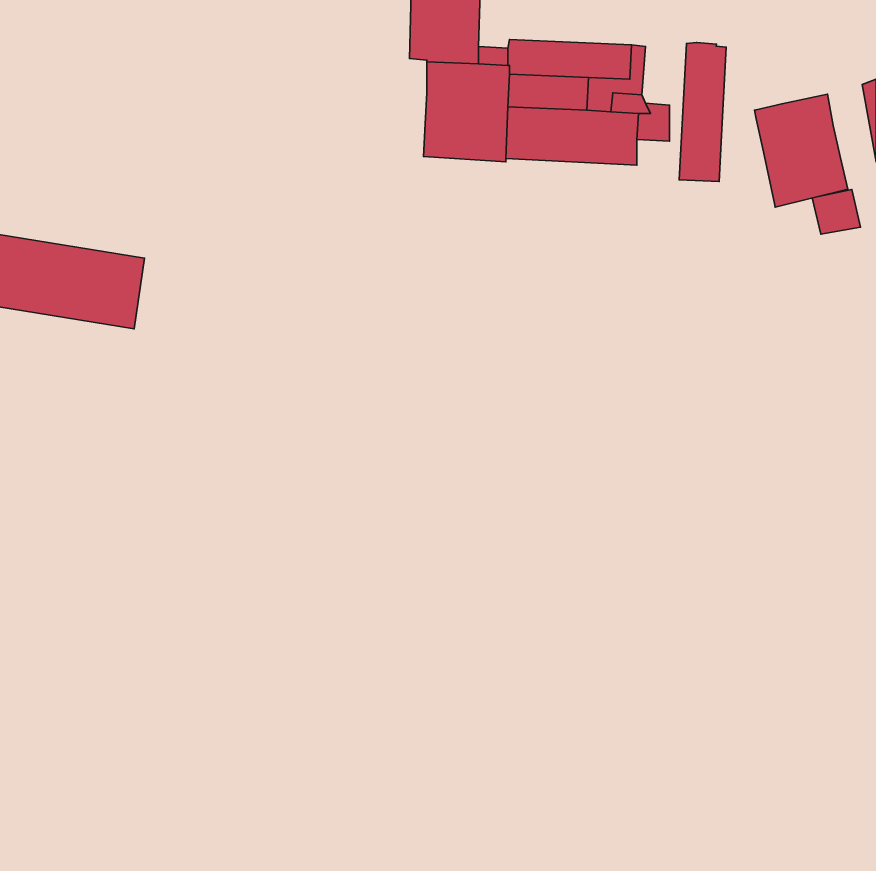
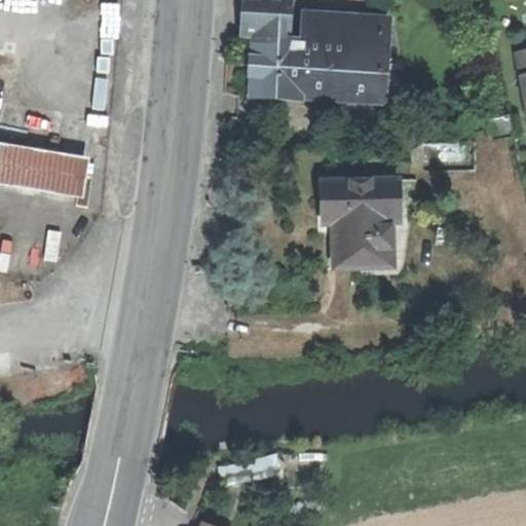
building: [679,42,726,182] -> none
building: [754,94,848,207] -> none
building: none -> [323,181,399,268]

